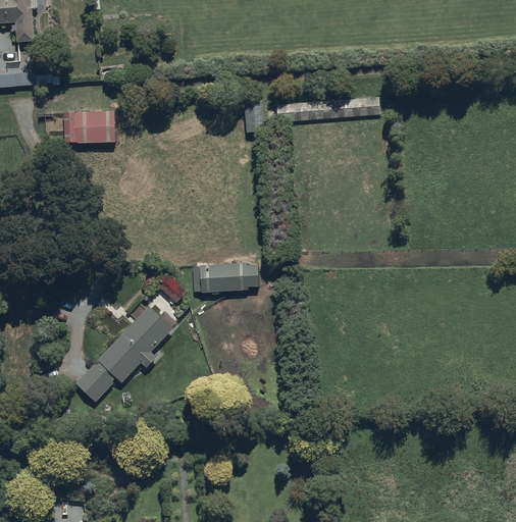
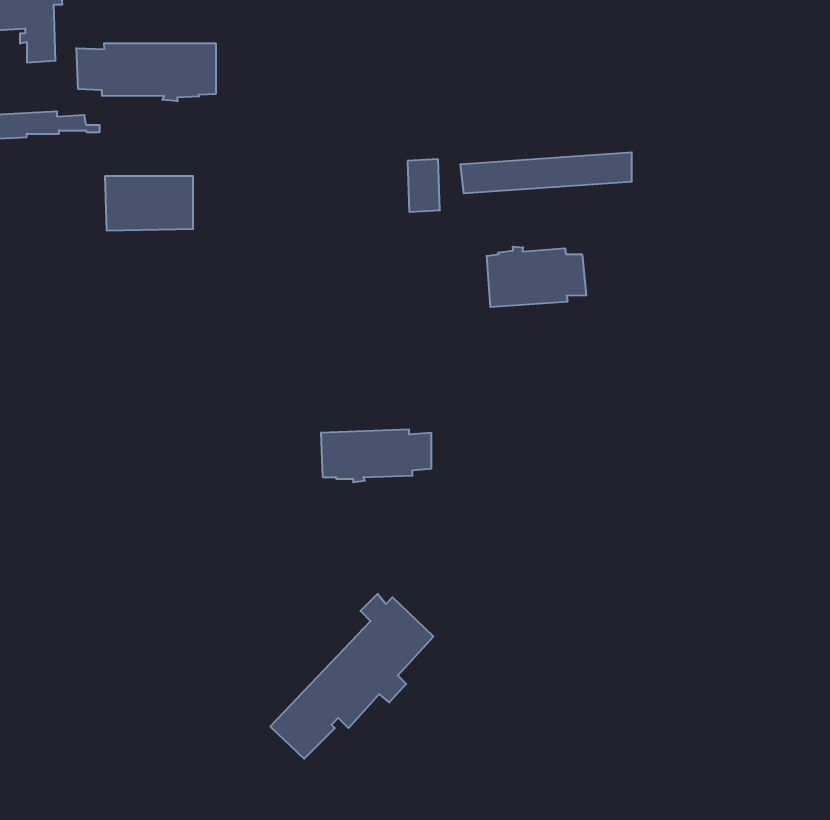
building: none -> [76,43,216,101]
building: none -> [487,247,586,307]
building: [75,302,173,401] -> [270,594,433,759]

